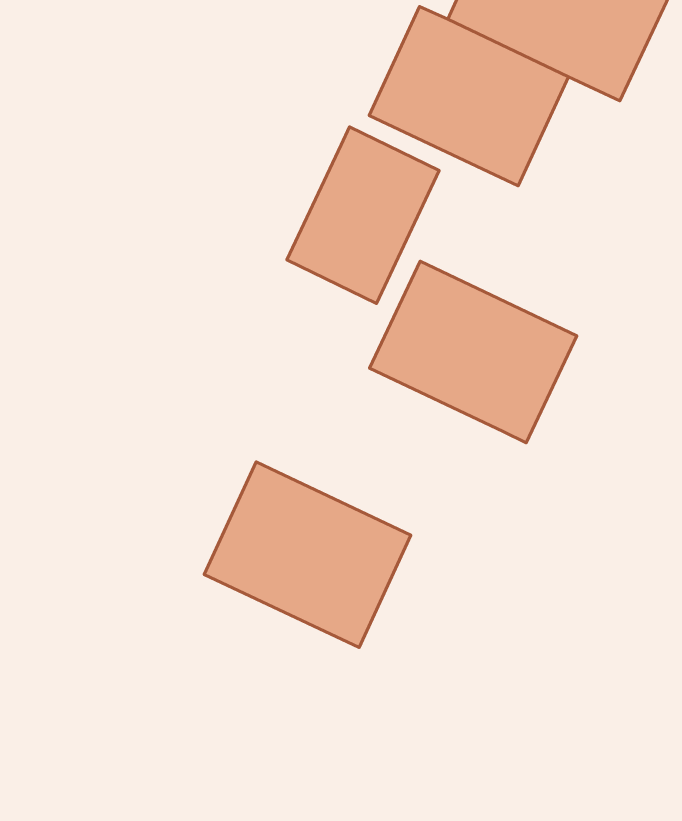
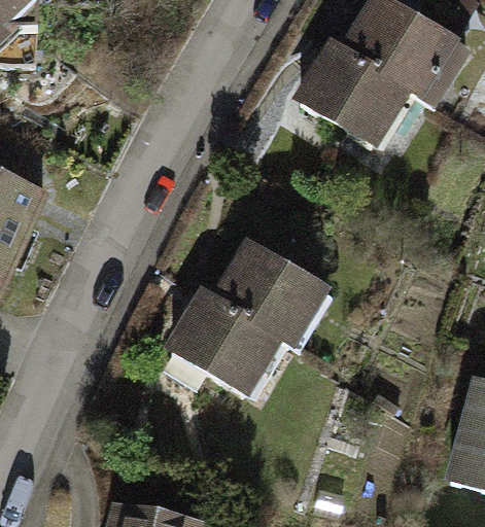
building: [287,127,439,303] -> none
building: [369,261,577,443] -> [212,234,334,346]

